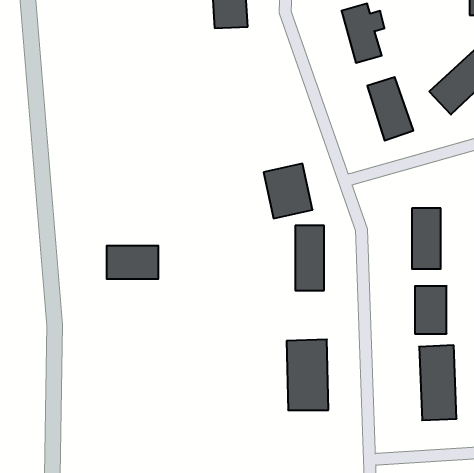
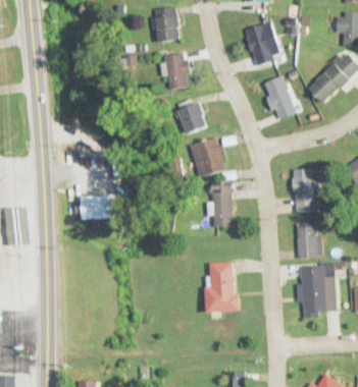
building: none -> [165,53,188,88]
building: none -> [175,99,206,132]

